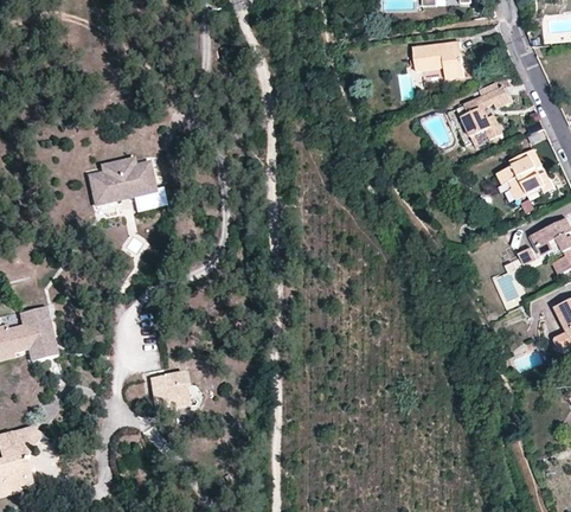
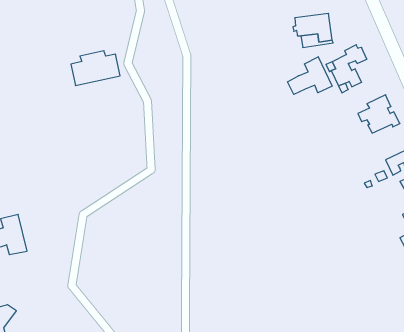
building: none -> [288,57,332,94]
building: [89,159,154,205] -> [71,51,120,86]
building: [152,371,190,409] -> none

